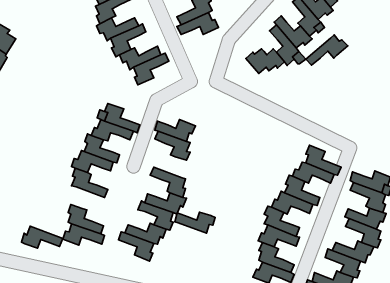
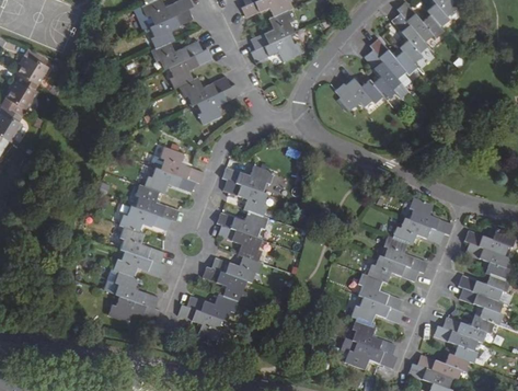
building: [306,35,348,65] -> none
building: [175,212,215,233] -> [217,211,267,238]
building: [21,226,63,248] -> [114,249,165,276]

